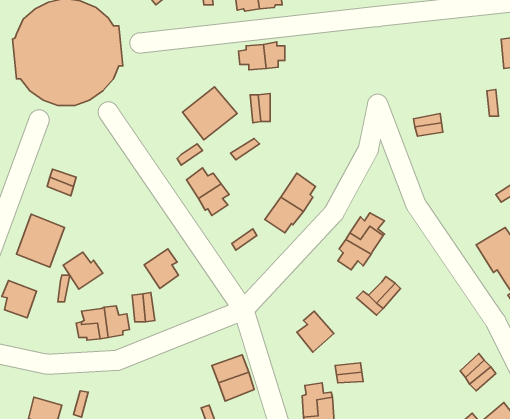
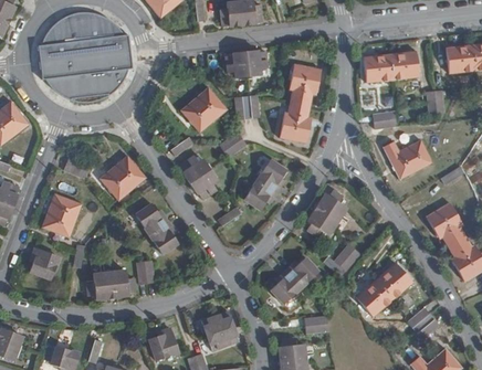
building: none -> [360,50,415,80]
building: none -> [279,64,318,144]
building: none -> [379,140,430,181]
building: none -> [99,156,143,198]
building: [63,252,103,289] -> [134,203,167,234]
building: none -> [289,260,323,292]
building: none -> [354,265,411,319]
building: none -> [148,327,176,358]

